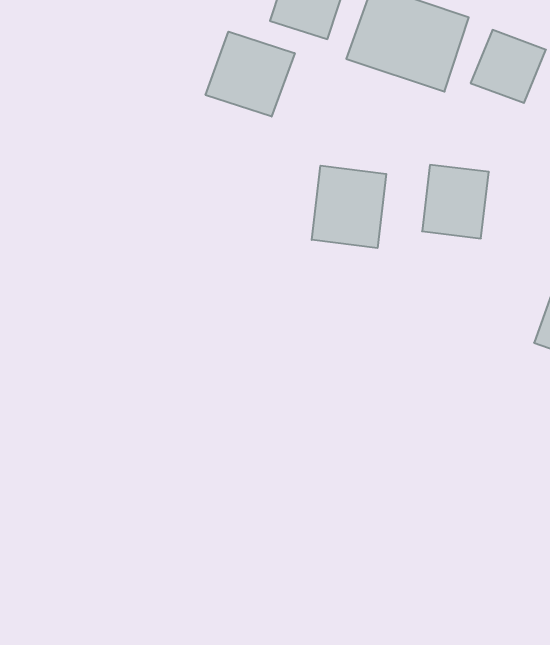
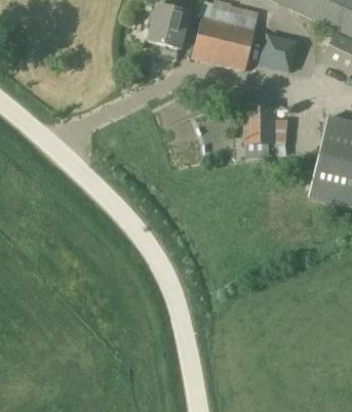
building: [206,32,295,117] -> none
building: [312,166,386,248] -> none

